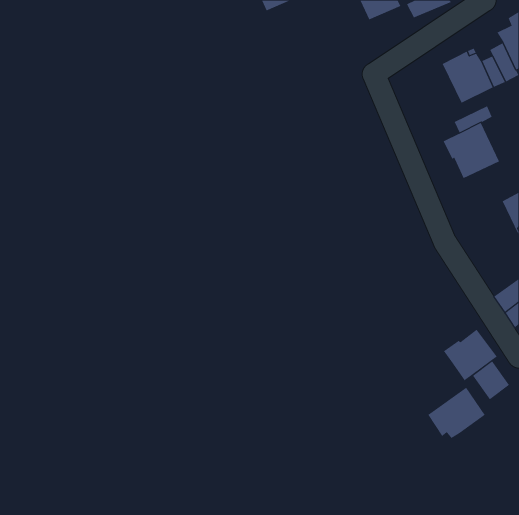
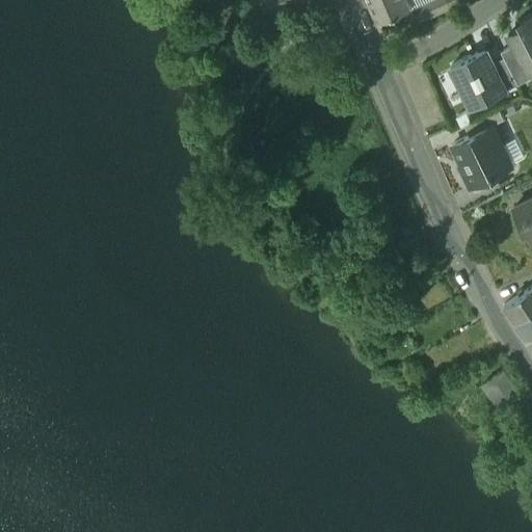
building: [443,329,498,381] -> none
building: [427,387,485,439] -> none

